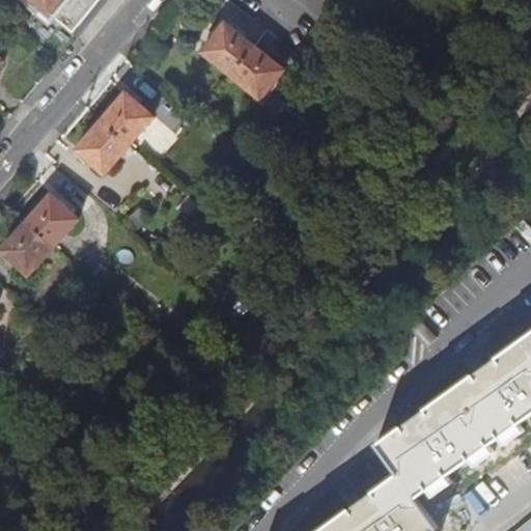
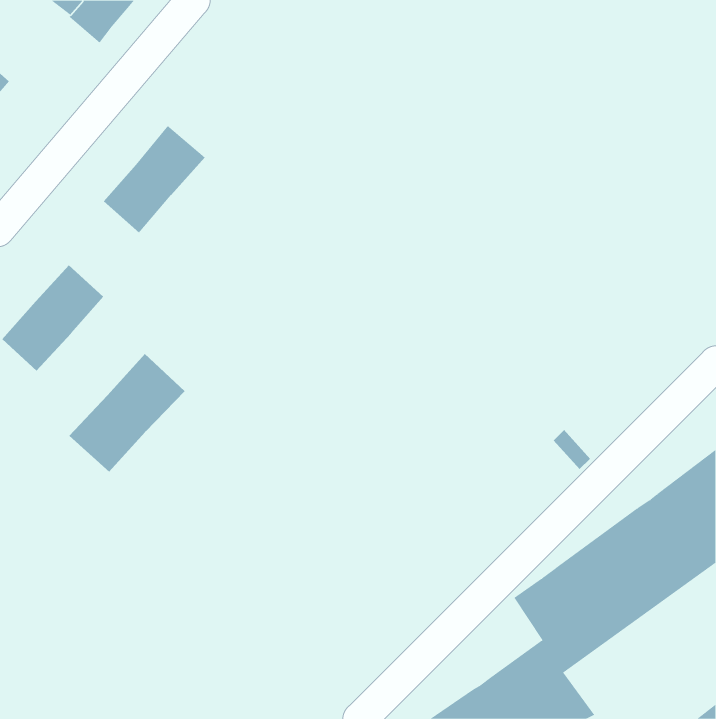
building: [203,26,282,100] -> none
building: none -> [69,353,185,473]

